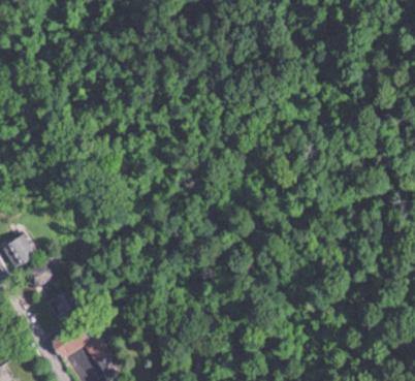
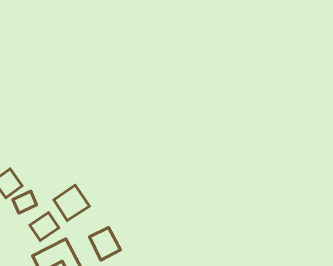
building: none -> [54,185,89,220]
building: none -> [89,227,120,260]

